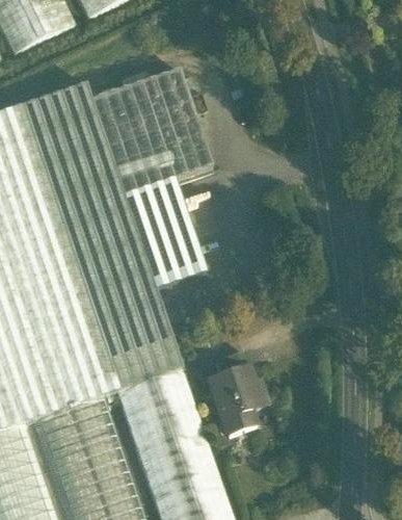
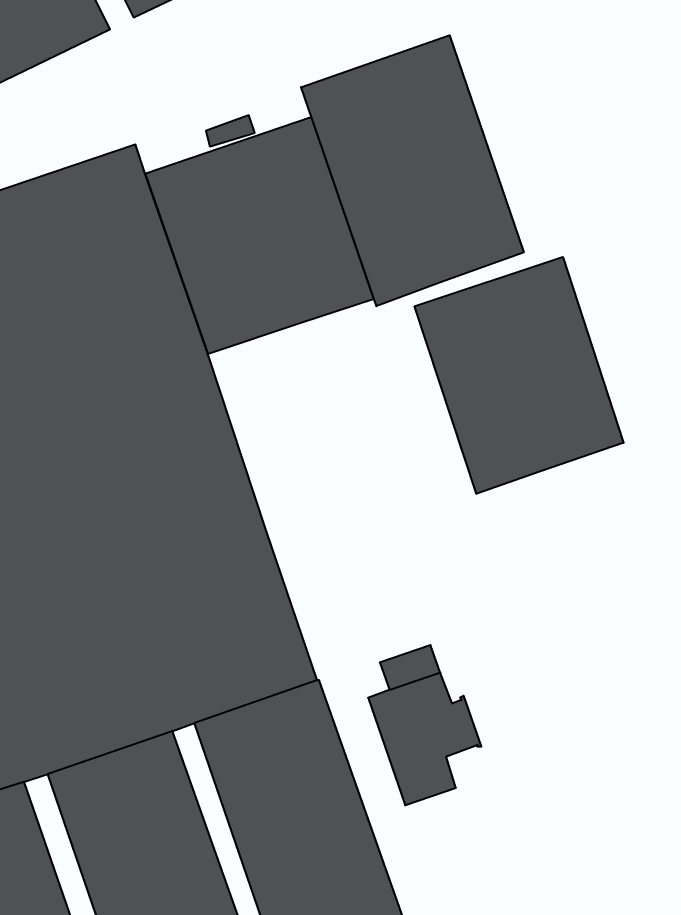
building: none -> [301,35,524,306]
building: none -> [415,257,624,494]
building: [126,179,208,290] -> none

